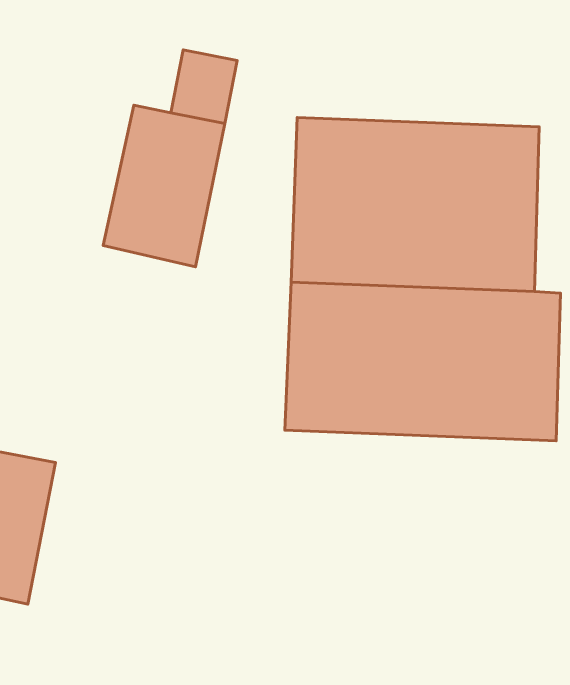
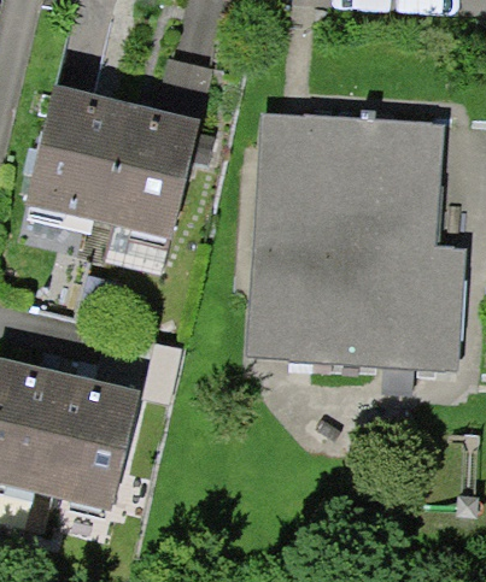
building: none -> [29,89,128,214]
building: none -> [45,384,139,510]

